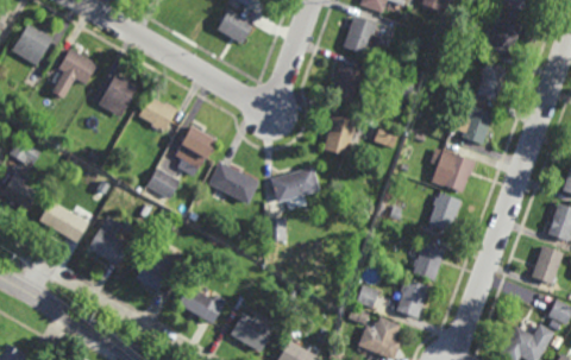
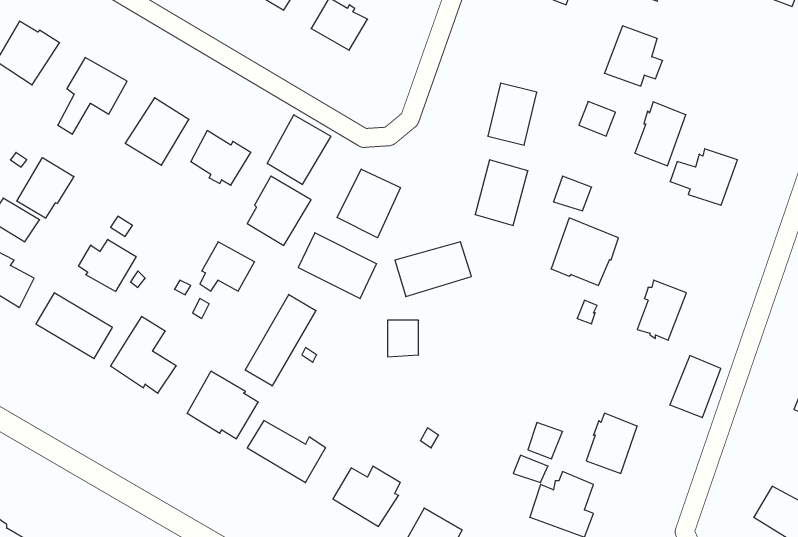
building: [343,15,381,55] -> [604,26,663,86]
building: [490,18,522,57] -> none
building: [476,61,509,102] -> [635,102,686,166]
building: none -> [267,115,331,185]
building: none -> [17,158,74,218]
building: none -> [337,169,400,238]
building: [431,149,475,192] -> [551,218,618,285]
building: none -> [78,239,136,291]
building: none -> [245,294,316,386]
building: [412,240,445,280] -> [670,356,721,418]

